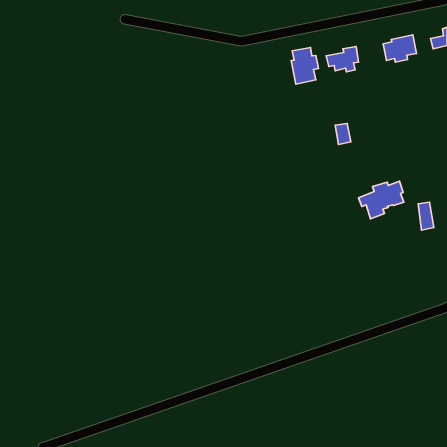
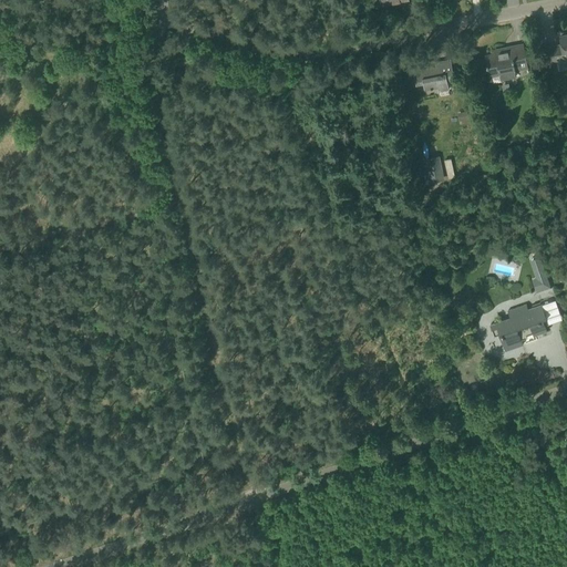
building: [291,47,318,84] -> none
building: [358,181,404,219] -> [489,303,547,351]

